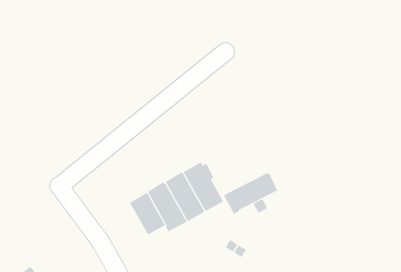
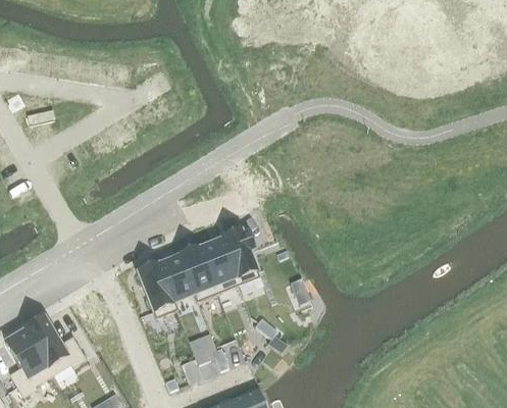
building: [223,172,278,215] -> none
building: none -> [137,263,178,316]

